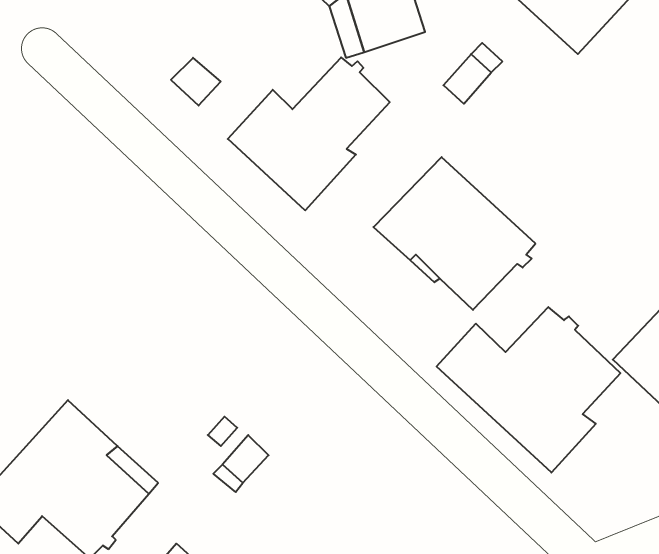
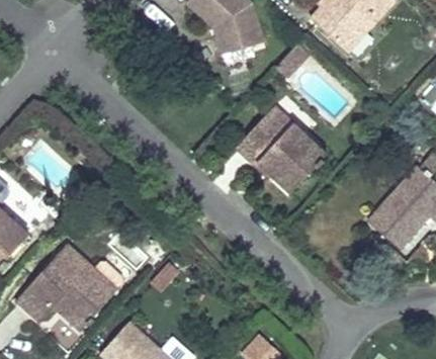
building: [228,57,390,210] -> none
building: [437,307,620,473] -> none

